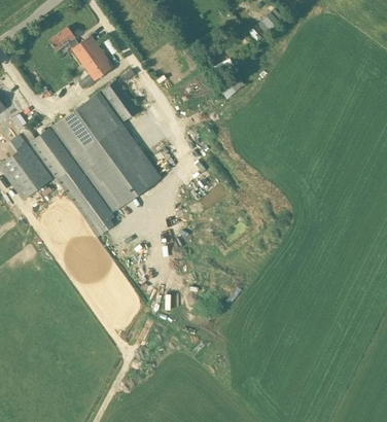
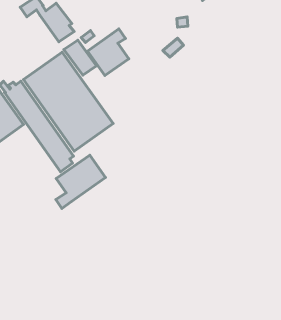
building: none -> [88,29,129,75]
building: none -> [56,155,106,208]

